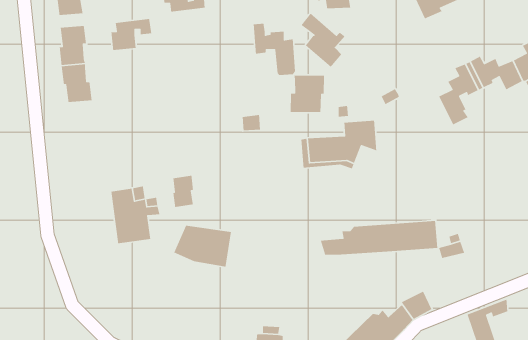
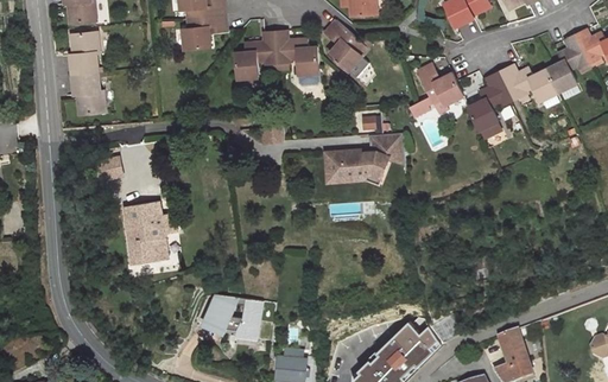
building: [110,18,152,51] -> [182,14,226,49]
building: none -> [234,31,276,78]
building: none -> [416,63,462,114]
building: [290,75,325,113] -> none
building: [173,175,194,208] -> none
building: [320,220,438,256] -> none
building: [173,225,232,268] -> [203,294,265,339]

